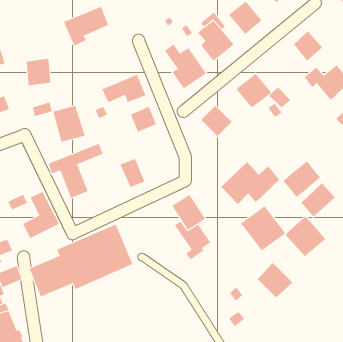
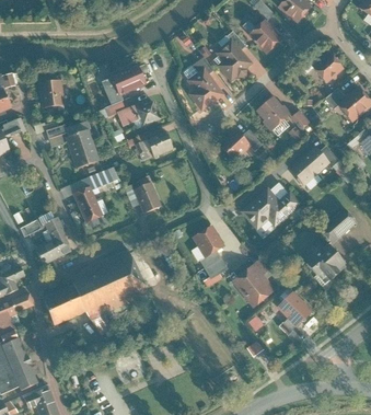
building: [63,6,109,46] -> [101,65,148,106]
building: [283,161,321,198] -> [289,147,328,185]
building: [240,206,286,251] -> [230,263,277,310]

